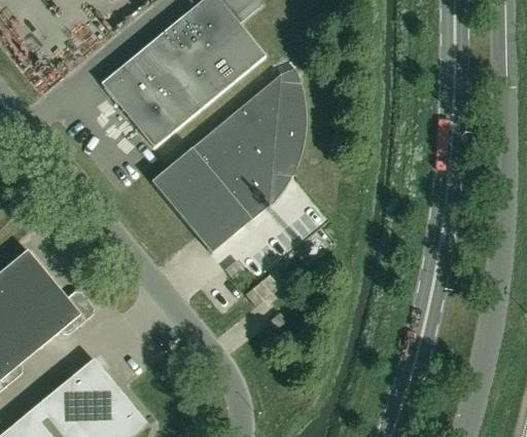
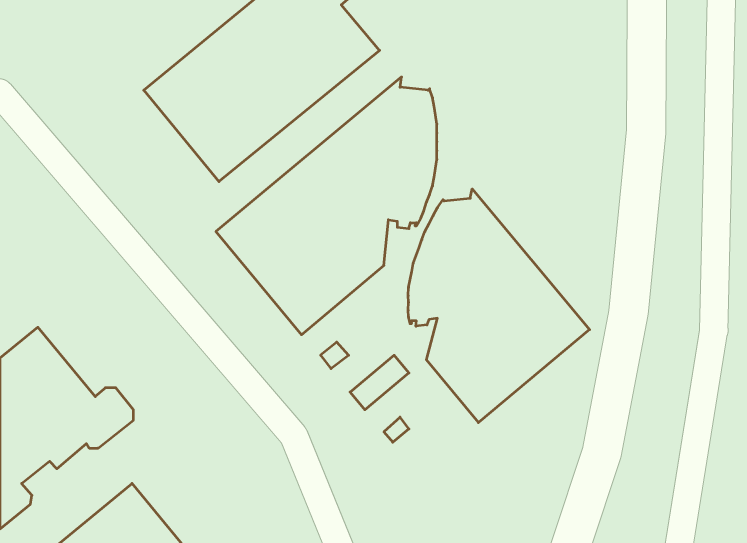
building: none -> [408,189,590,423]

